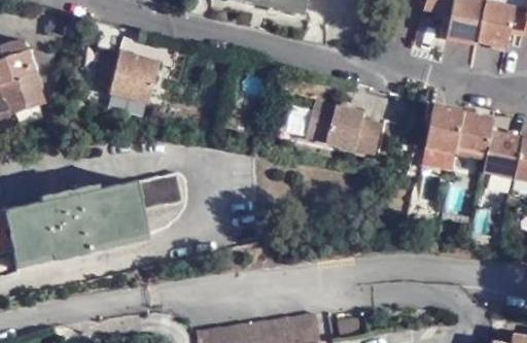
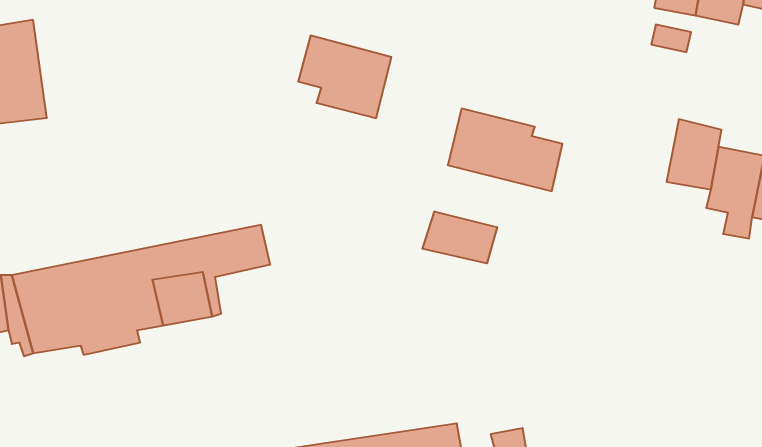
building: [96,47,159,103] -> [298,36,391,118]
building: [419,101,460,166] -> none
building: none -> [422,211,497,263]

